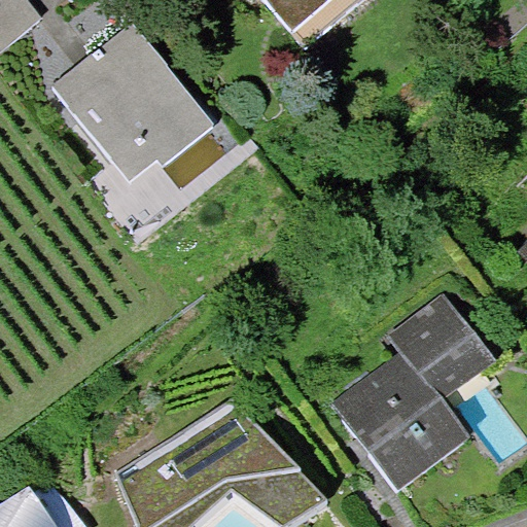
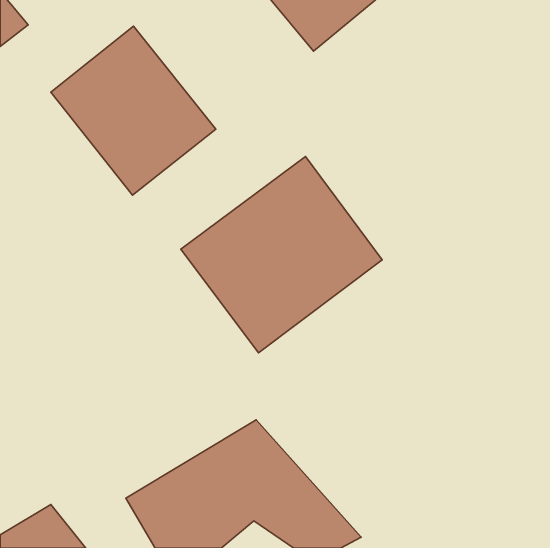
building: none -> [181,157,382,353]
building: [330,301,487,490] -> none

